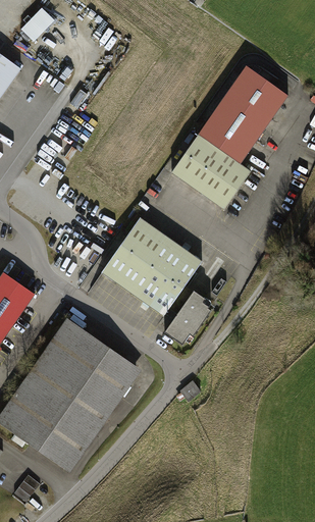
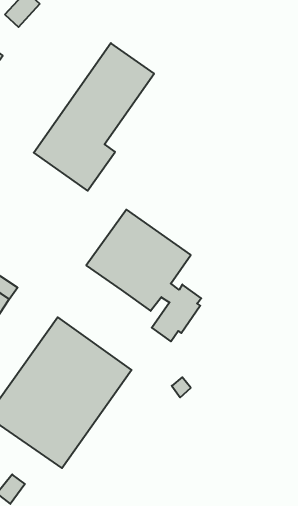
building: [170,66,286,209] -> [34,43,154,191]

